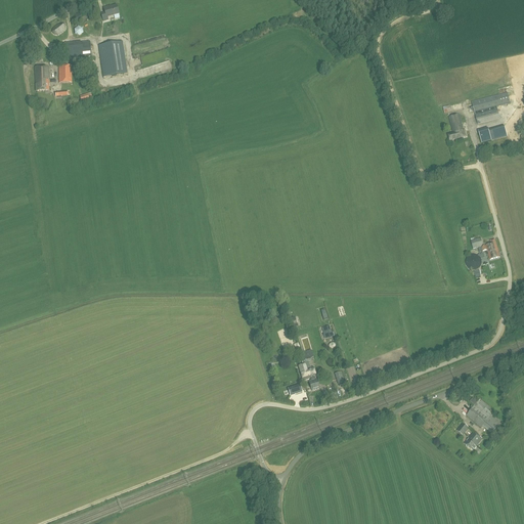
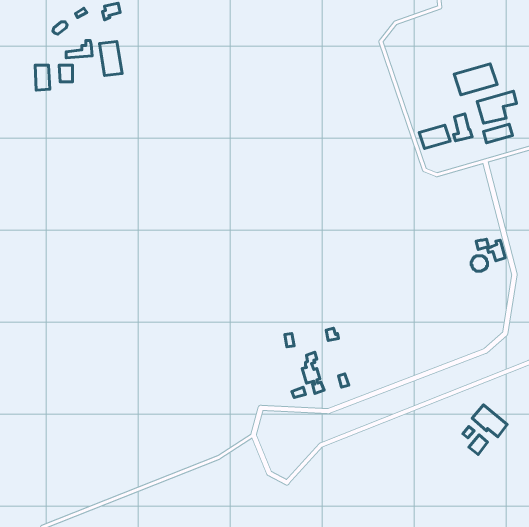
building: none -> [454,64,497,95]
building: none -> [419,125,450,149]

